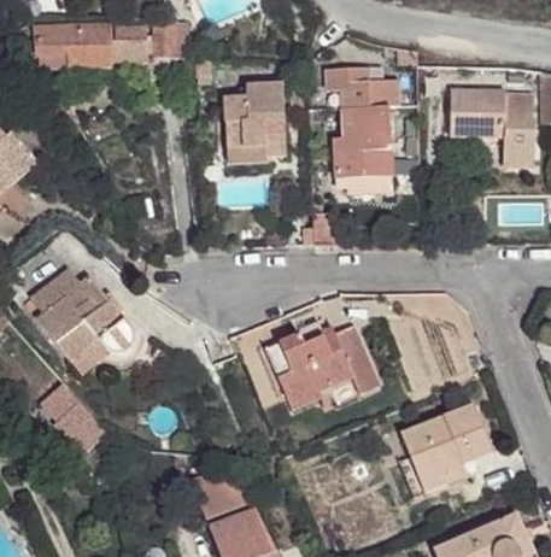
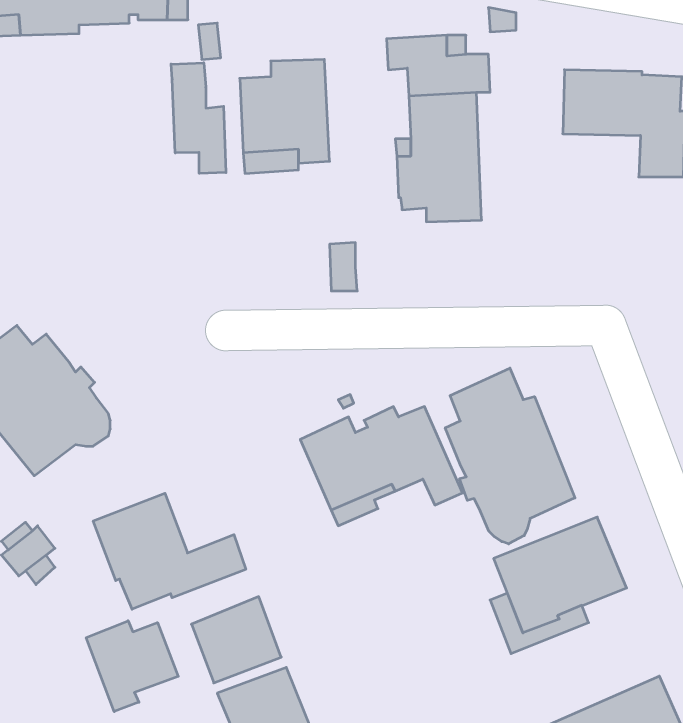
building: none -> [171,63,226,173]
building: none -> [445,368,575,544]
building: none -> [93,493,246,609]
building: none -> [86,621,178,712]

